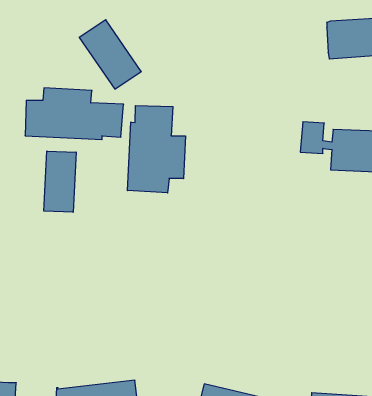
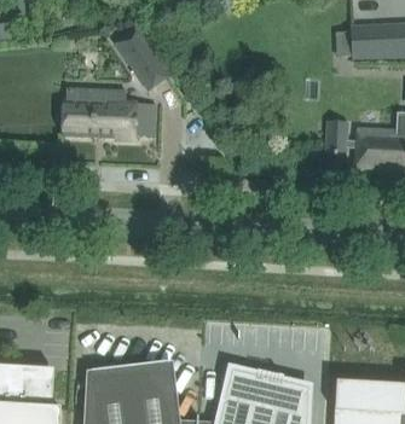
building: [127,106,185,193] -> none
building: [44,151,76,212] -> none

